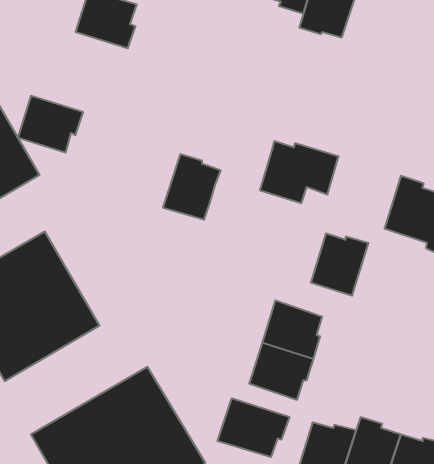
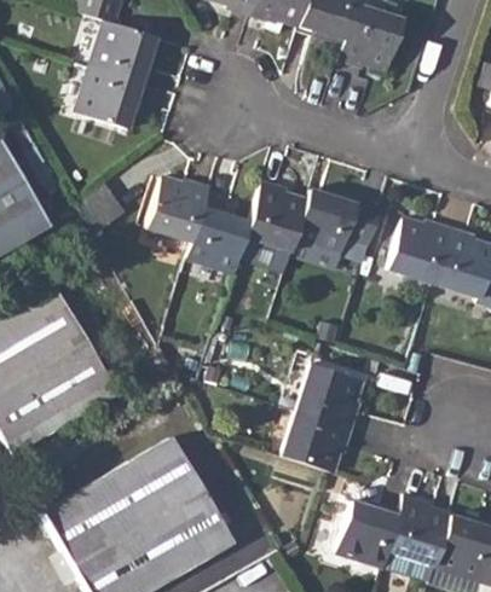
building: [18,96,83,153] -> [75,66,148,129]
building: none -> [146,175,210,243]
building: none -> [238,179,307,272]
building: [311,233,369,296] -> [386,215,450,284]
building: [218,398,289,457] -> none

